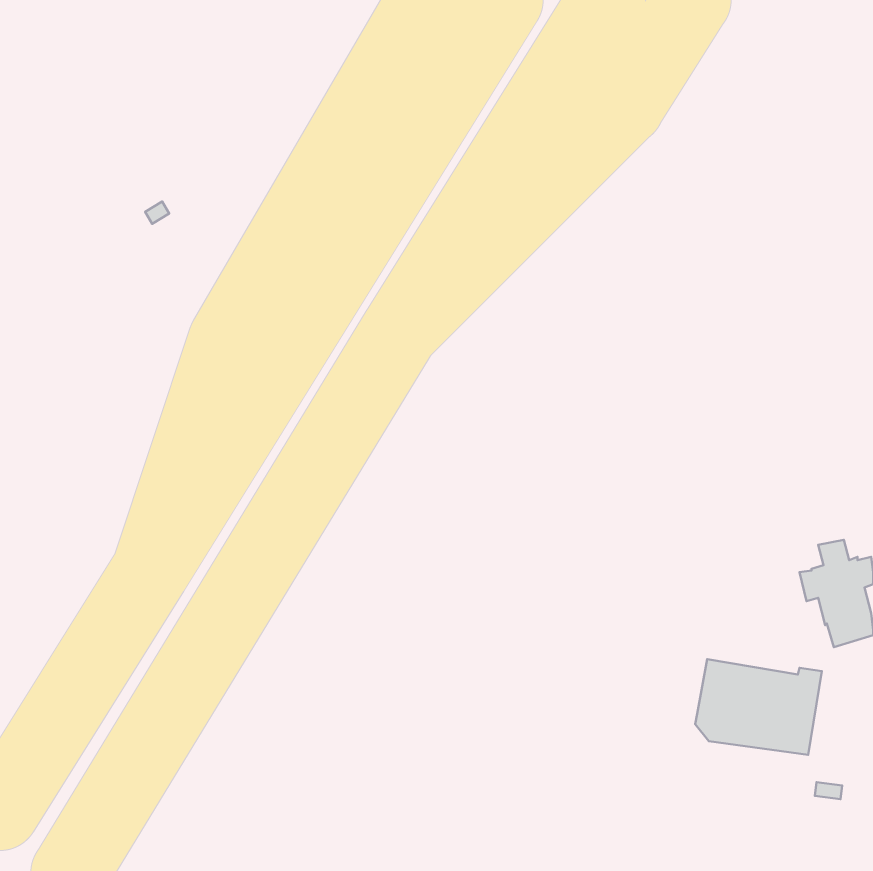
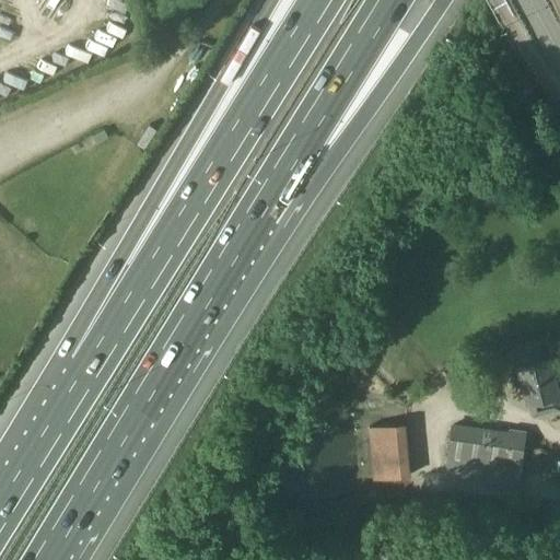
building: none -> [370,421,409,477]

